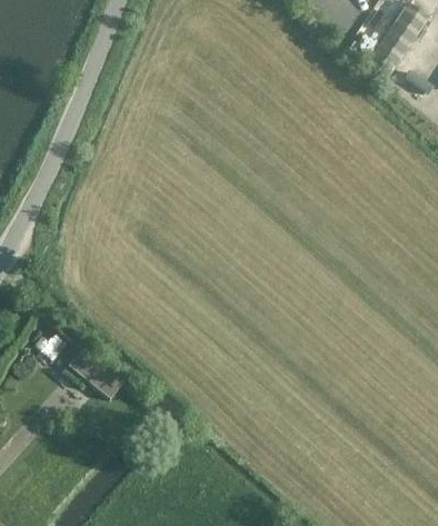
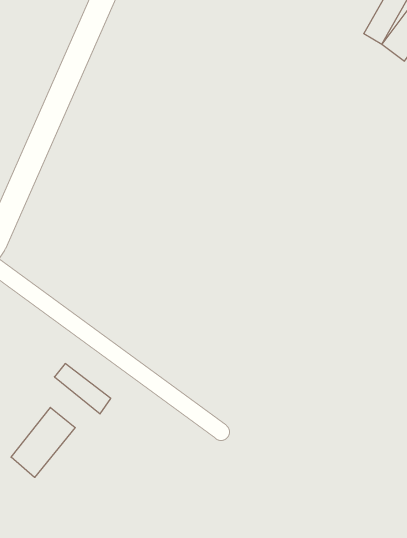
building: none -> [11,407,75,477]

